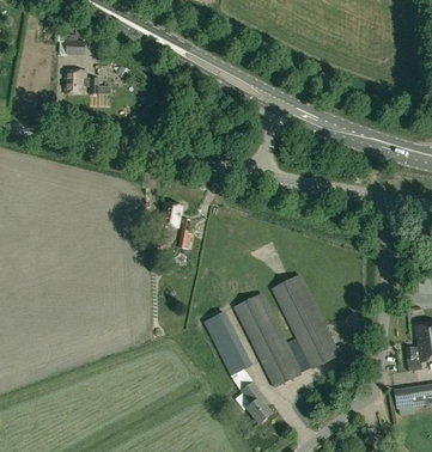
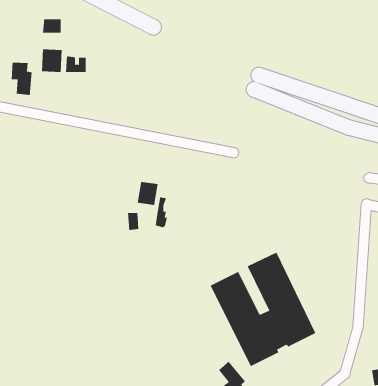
building: none -> [11,62,32,96]
building: [203,310,251,375] -> none

